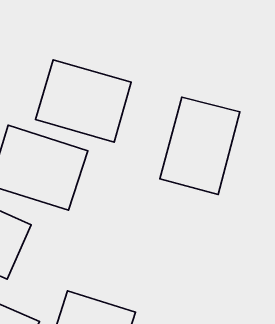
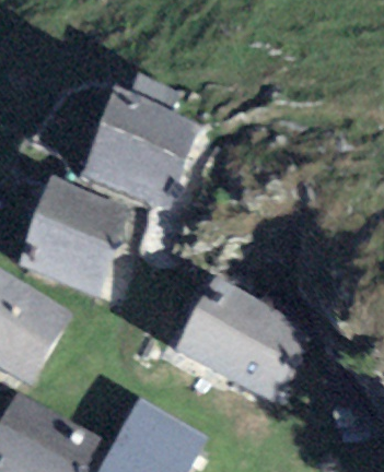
building: [160,97,240,195] -> none
building: none -> [183,291,314,397]

